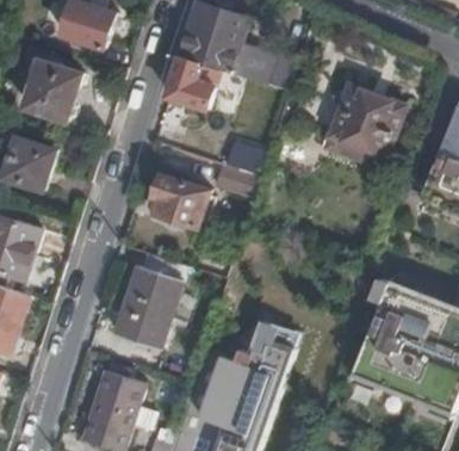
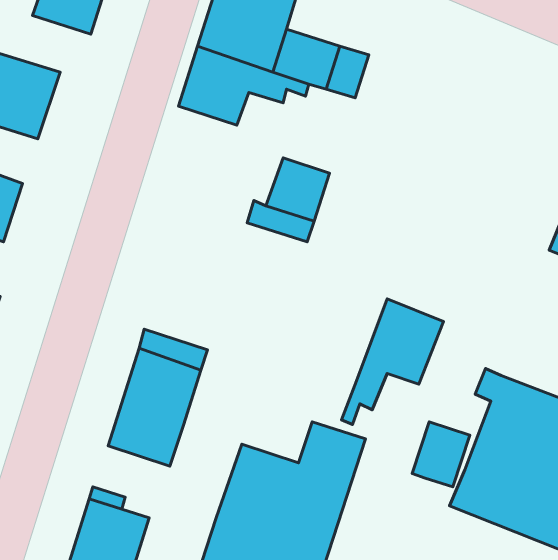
building: [325,85,402,165] -> none
building: [153,174,209,225] -> none
building: none -> [342,299,443,424]
building: none -> [412,422,470,487]

